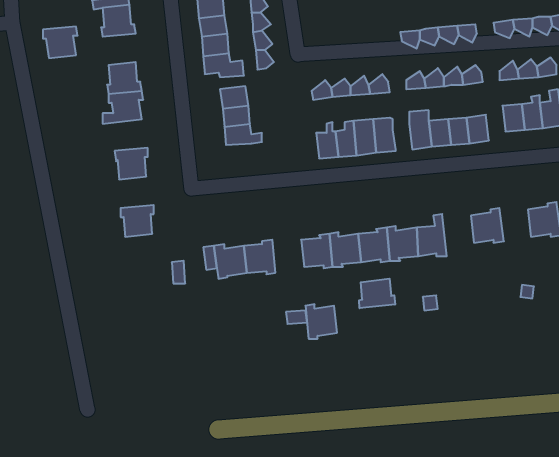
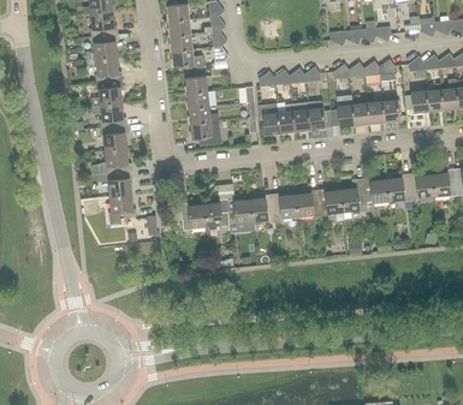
building: [43,27,78,58] -> [91,34,119,59]
building: none -> [91,102,127,127]
building: none -> [190,120,222,145]
building: none -> [91,148,132,174]
building: none -> [409,173,434,199]
building: none -> [363,178,388,212]
building: none -> [109,193,137,225]
building: [359,279,395,308] -> none
building: [305,304,337,339] -> [227,197,253,225]

